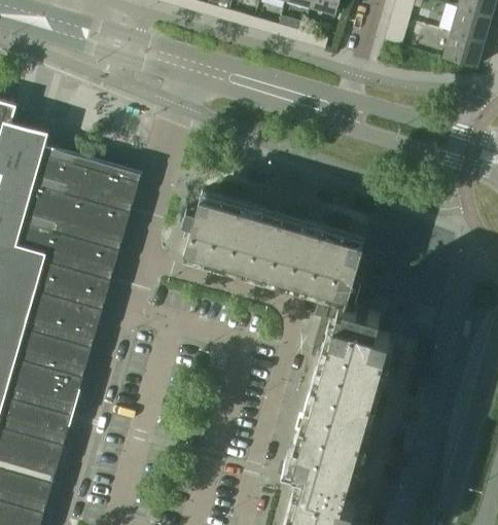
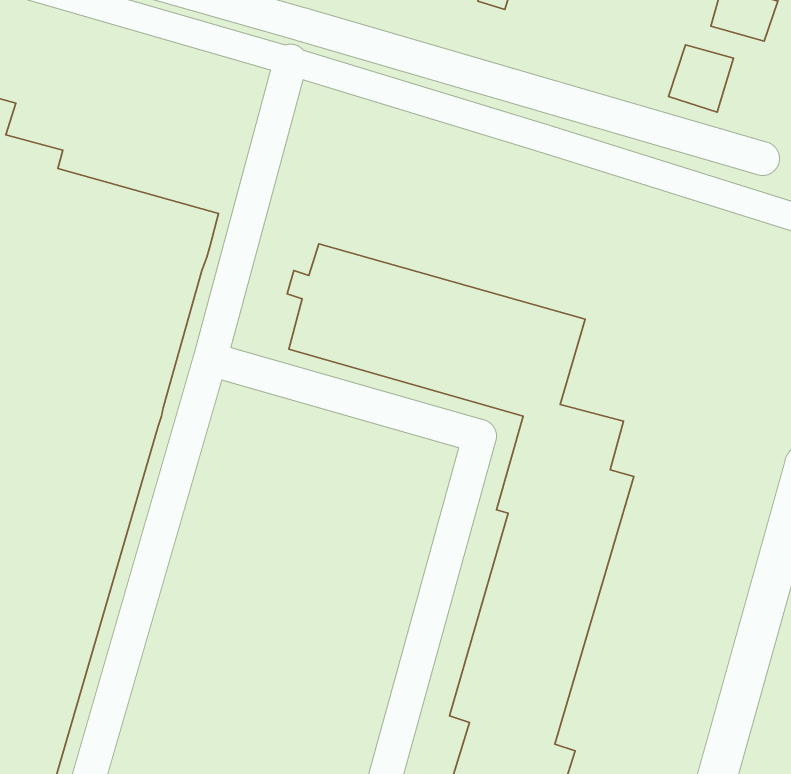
building: none -> [668,45,733,112]

